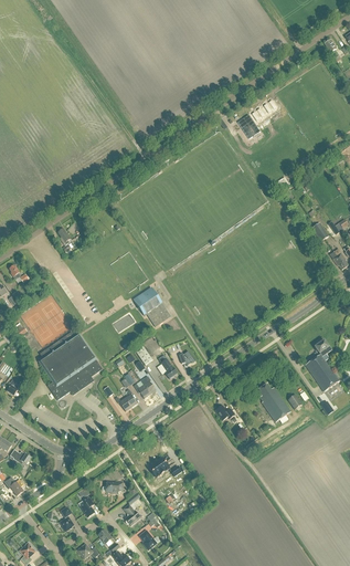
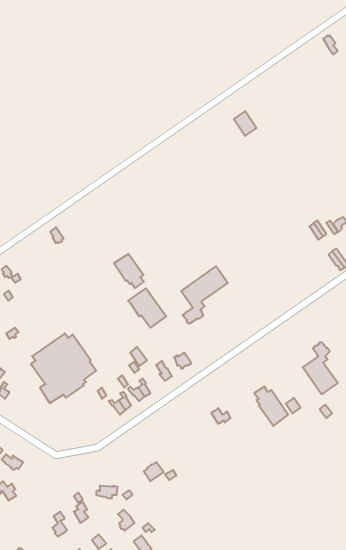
building: none -> [114,254,144,288]
building: none -> [181,266,228,324]

